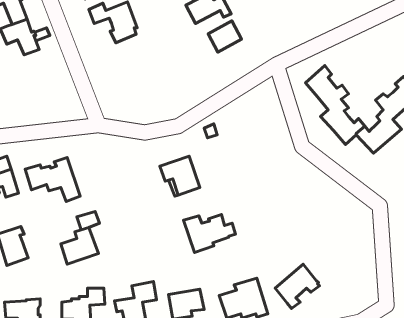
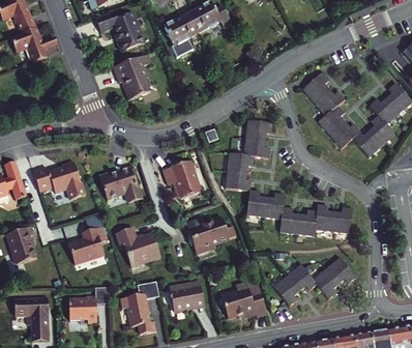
building: [208,21,242,52] -> [165,16,197,46]
building: none -> [113,55,149,100]
building: none -> [225,120,352,236]
building: none -> [99,168,142,203]
building: none -> [115,227,159,267]
building: none -> [313,258,355,299]

